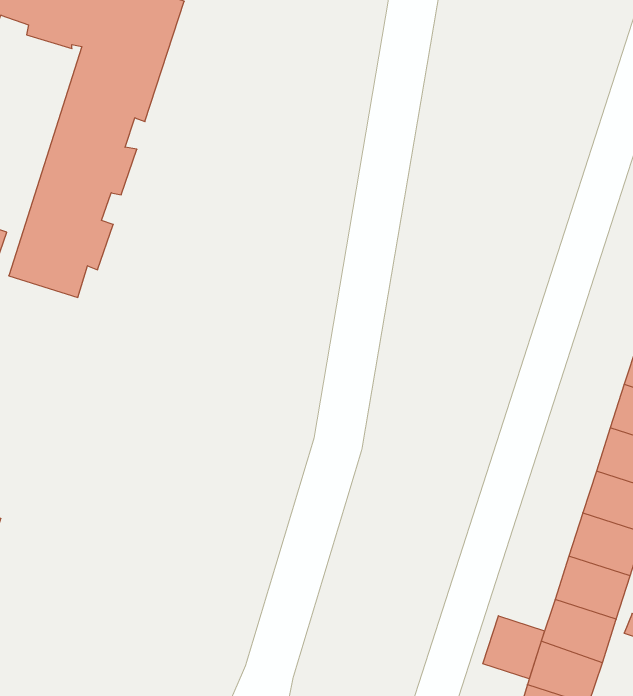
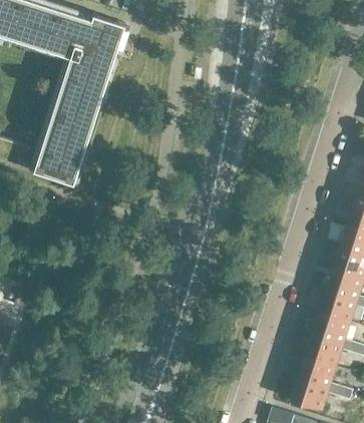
building: [483,616,545,679] -> none

